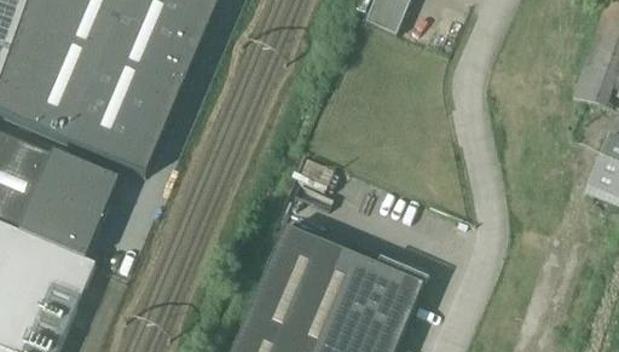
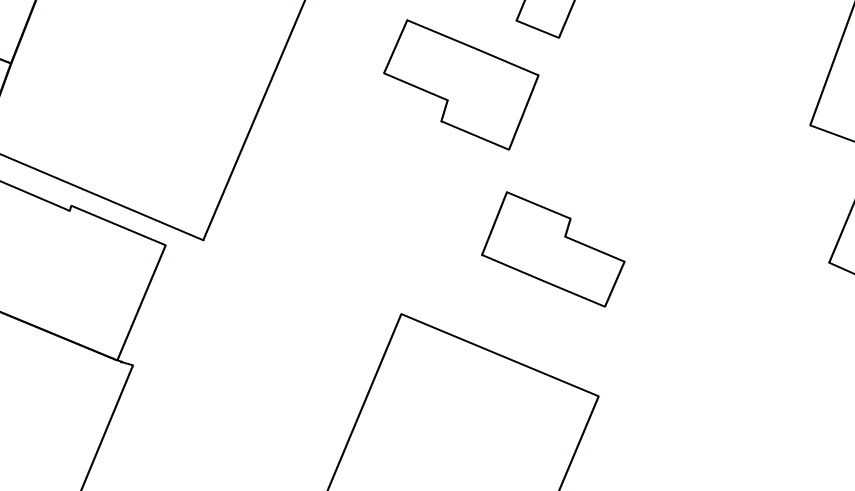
building: none -> [384,20,538,150]
building: none -> [482,192,625,307]

